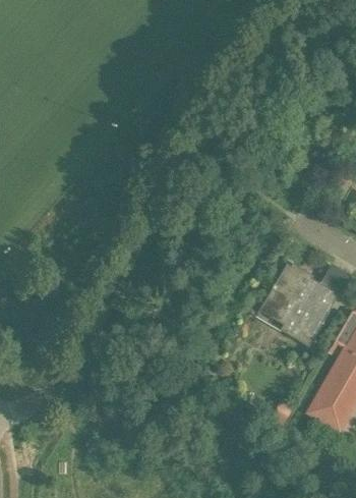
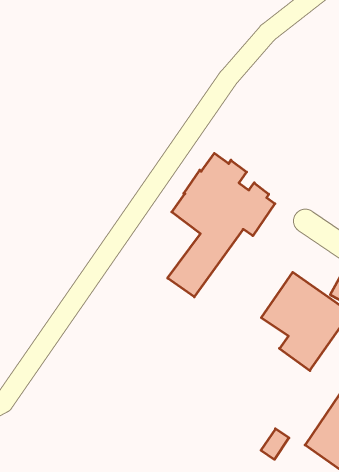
building: none -> [168,153,275,297]

